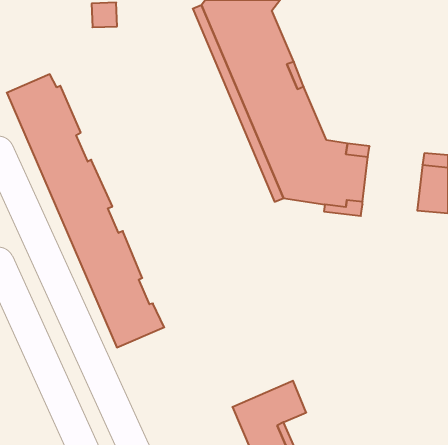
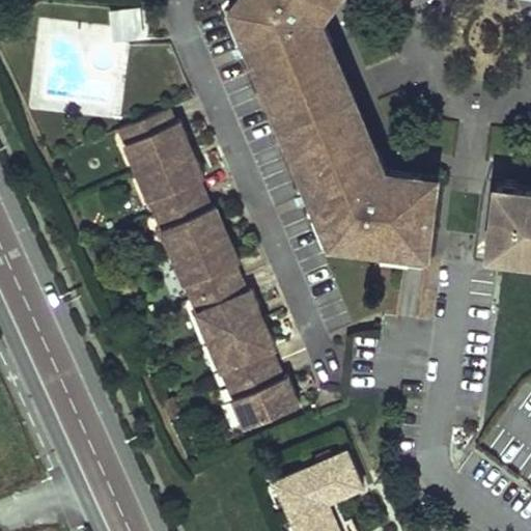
building: [7,74,164,347] -> [115,110,301,431]

